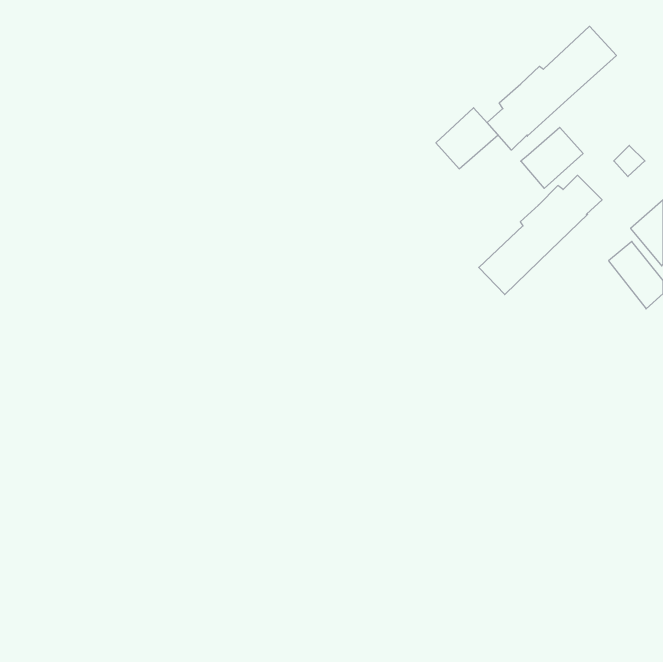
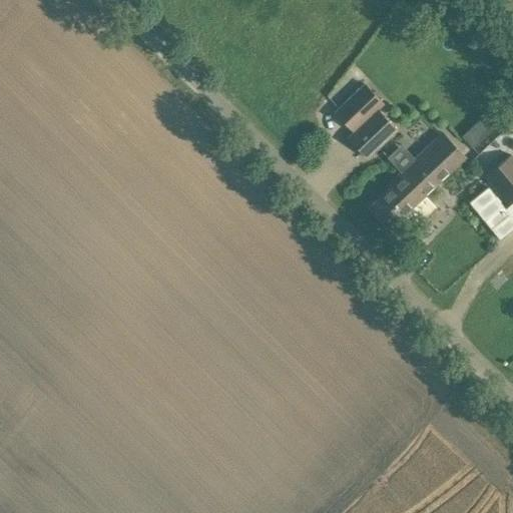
building: [487,26,616,150] -> none
building: [521,127,583,188] -> [349,110,397,157]

